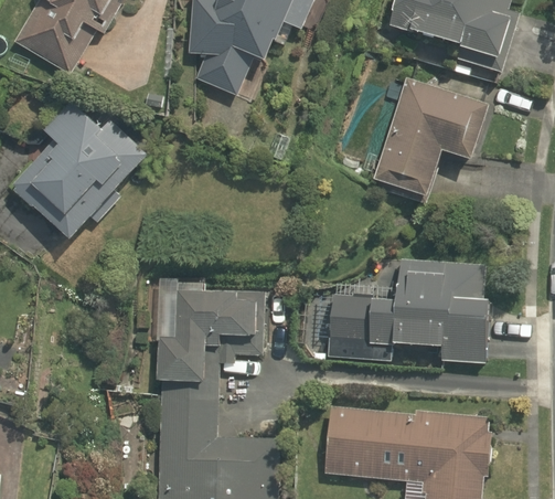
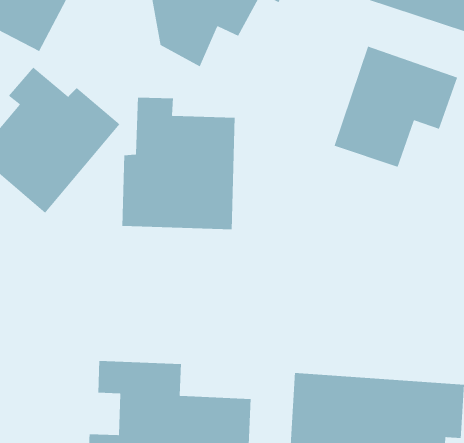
building: none -> [121,97,235,230]
building: [318,257,485,369] -> none
building: [146,286,259,387] -> none

